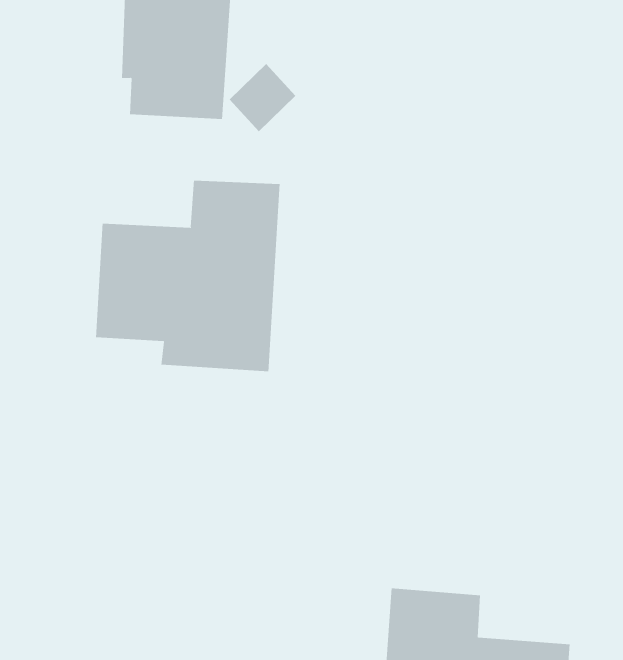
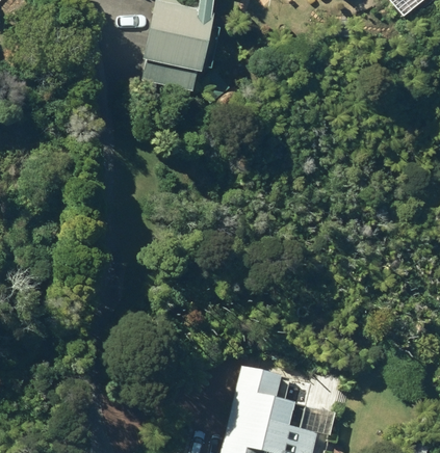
building: [96,180,280,372] -> none

